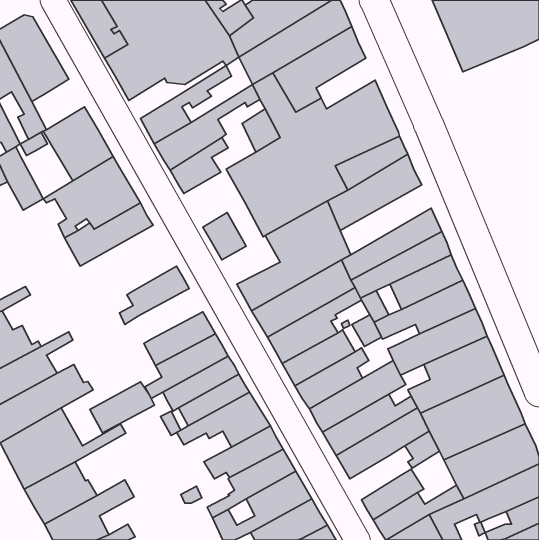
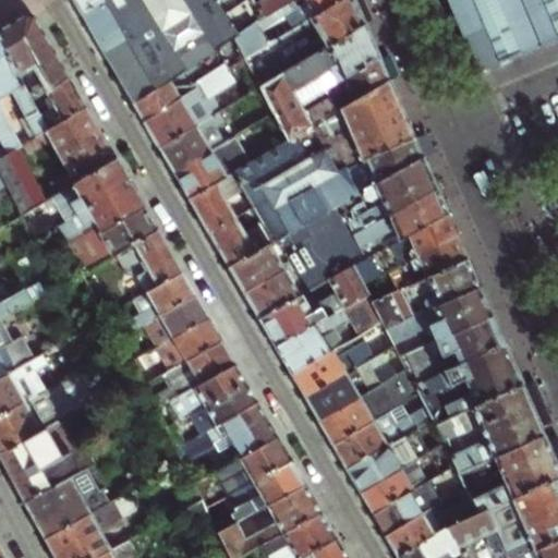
building: none -> [326,60,387,112]
building: none -> [133,81,181,122]
building: none -> [46,82,87,125]
building: none -> [190,174,253,234]
building: none -> [351,191,445,263]
building: none -> [114,232,182,301]
building: none -> [229,243,289,293]
building: [90,382,154,433] -> [143,298,209,350]
building: none -> [361,471,413,515]

